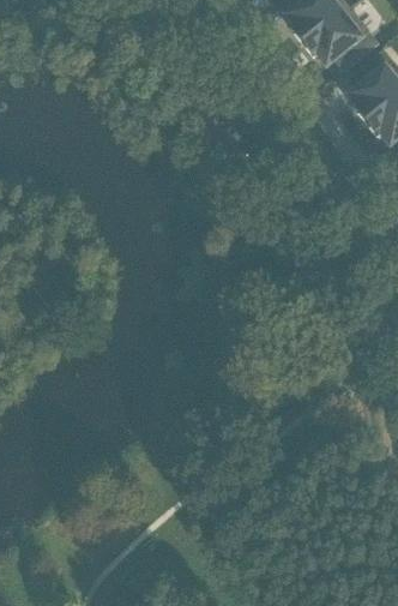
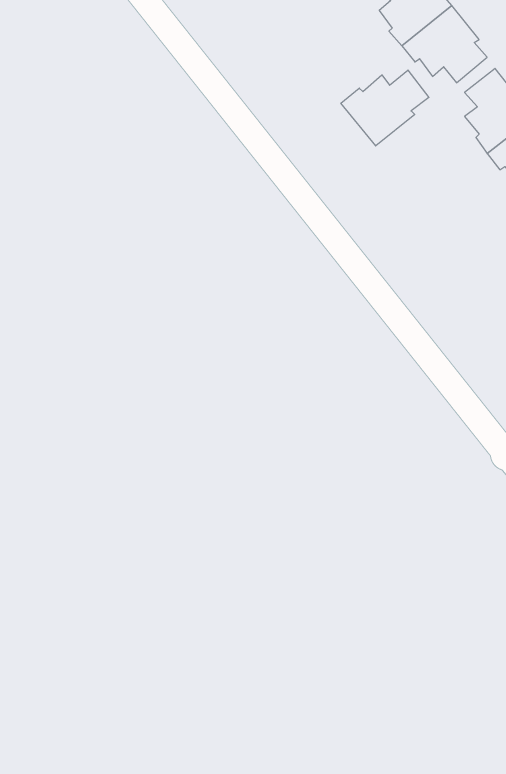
building: none -> [341,70,429,146]

